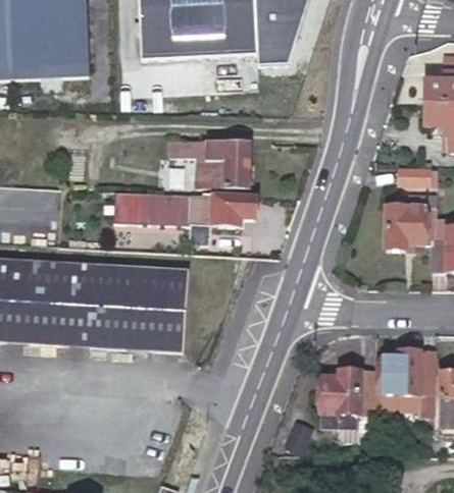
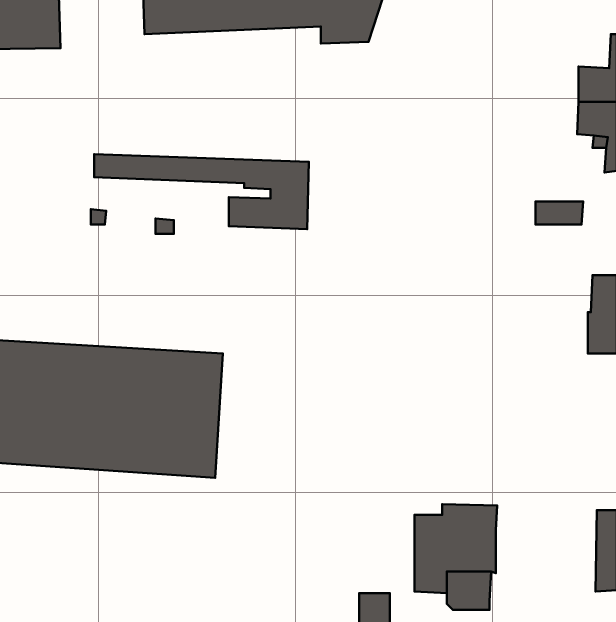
building: [110,193,187,225] -> none
building: [200,193,256,227] -> none
building: [385,195,438,249] -> none
building: [372,350,435,416] -> none

